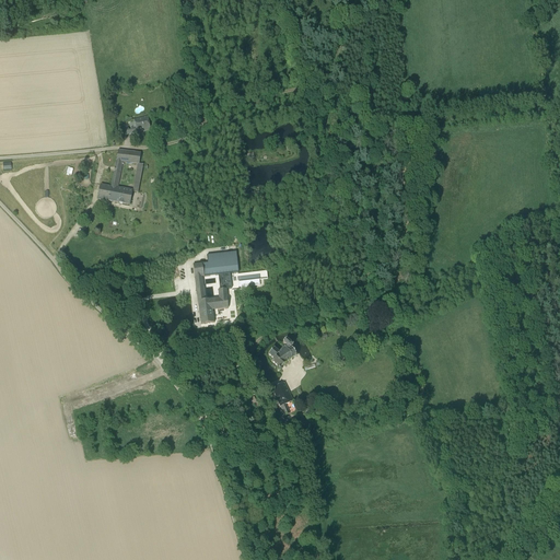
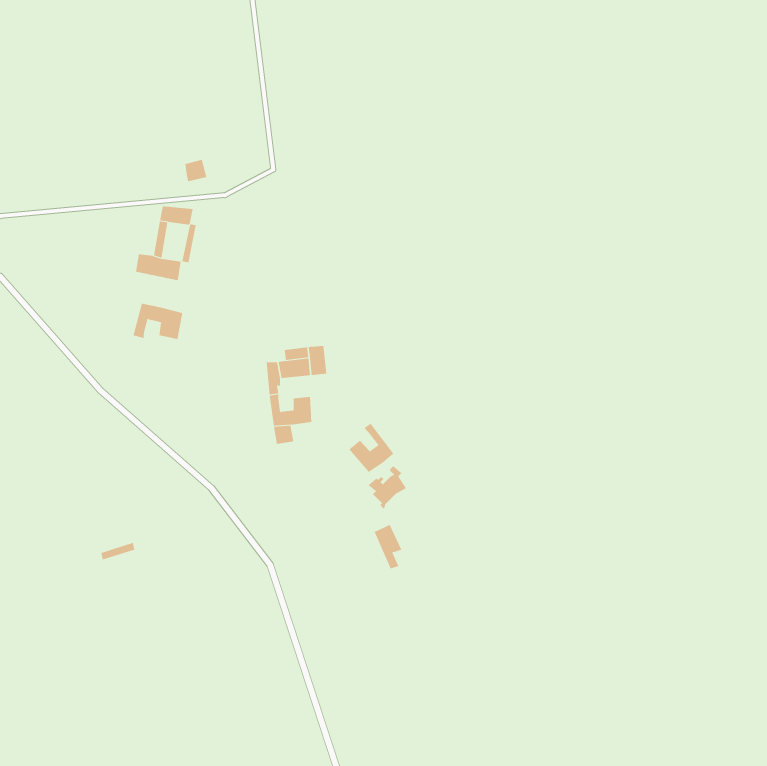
building: none -> [133,303,183,340]
building: none -> [348,423,394,473]

